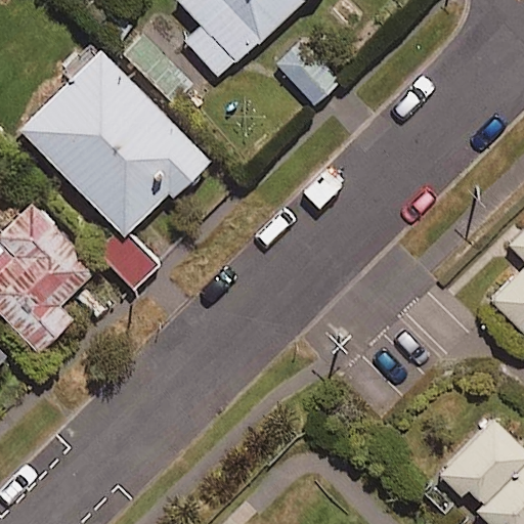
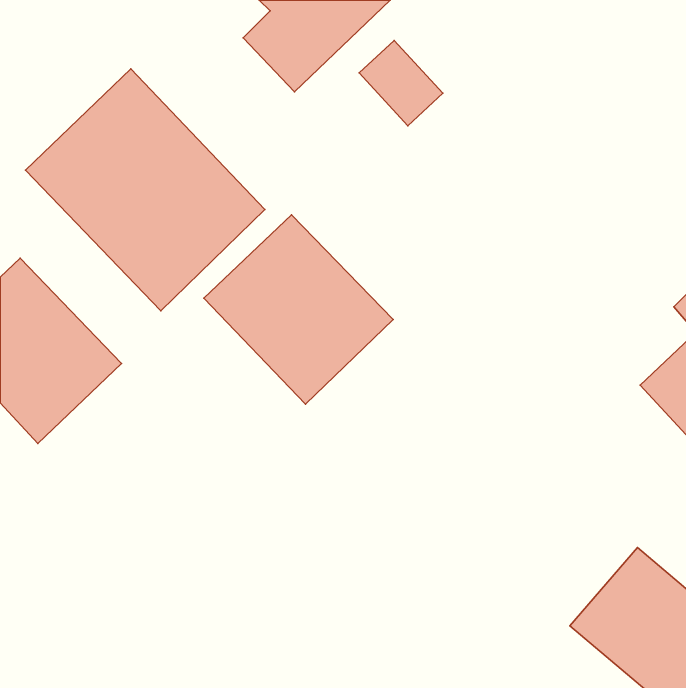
building: none -> [204,215,393,404]

